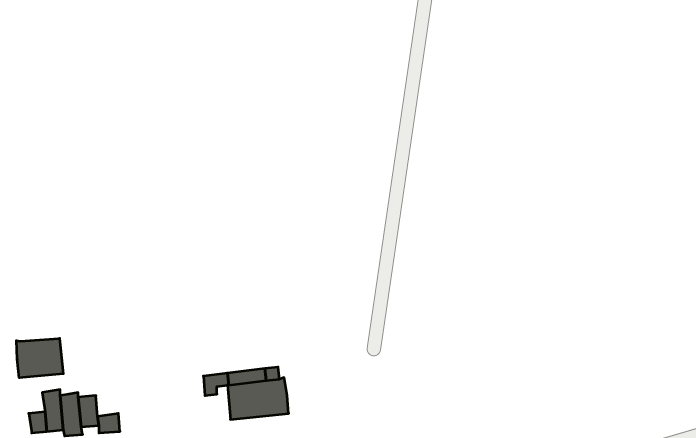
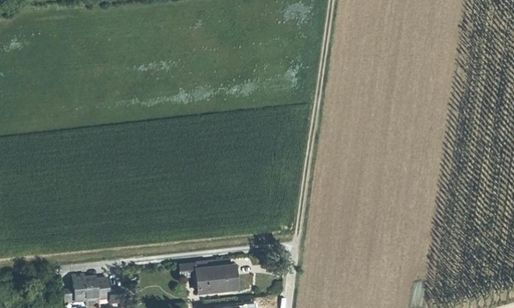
building: [16,338,63,378] -> none

